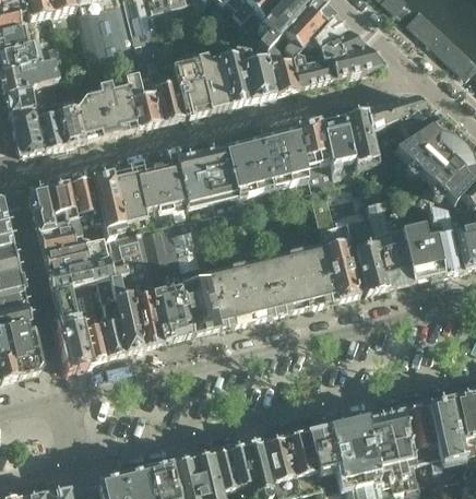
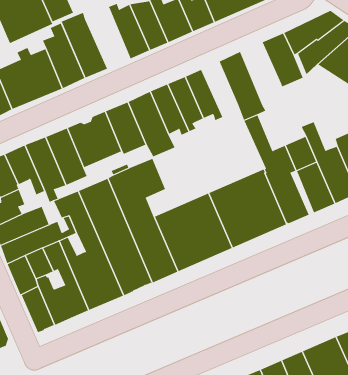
building: [172,56,210,114] -> none
building: [320,114,354,176] -> none
building: [278,126,308,181] -> none

